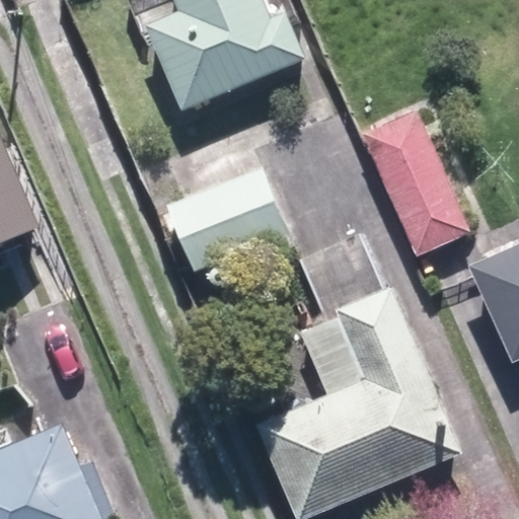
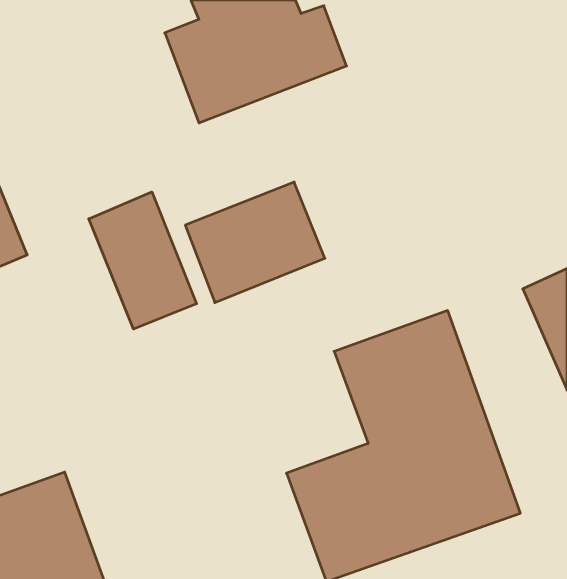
building: [359,104,470,257] -> none
building: none -> [89,192,197,329]

